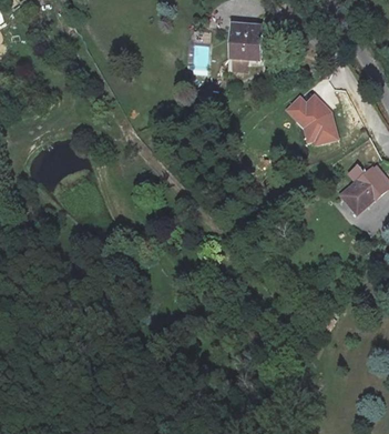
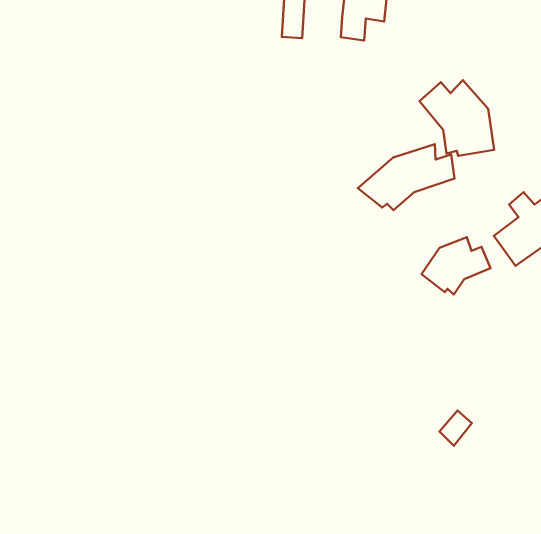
building: none -> [358,144,454,210]
building: none -> [422,237,490,295]

